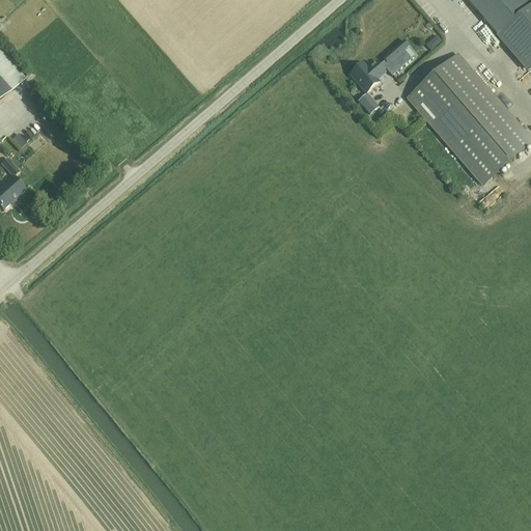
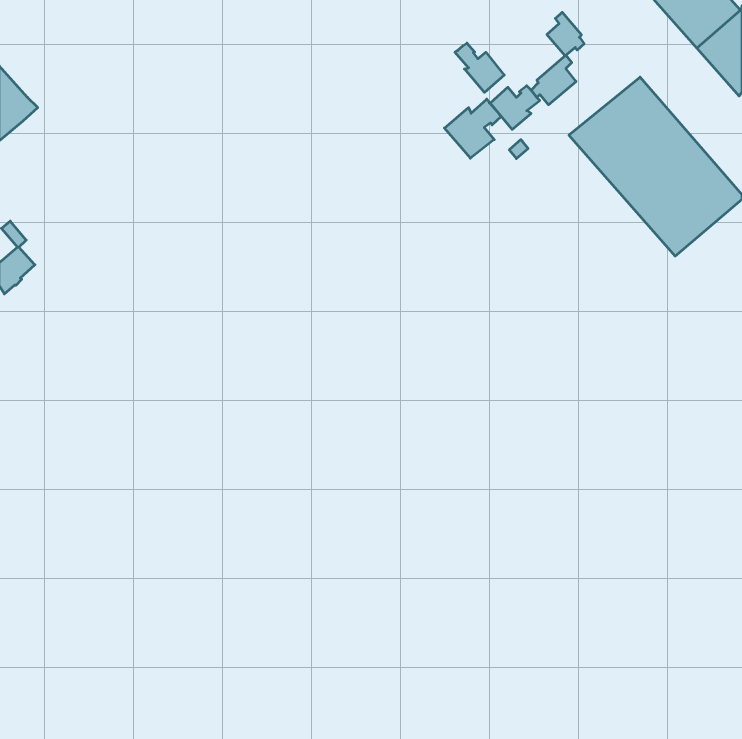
building: none -> [547,12,584,56]
building: none -> [455,43,504,92]
building: none -> [444,99,501,158]

